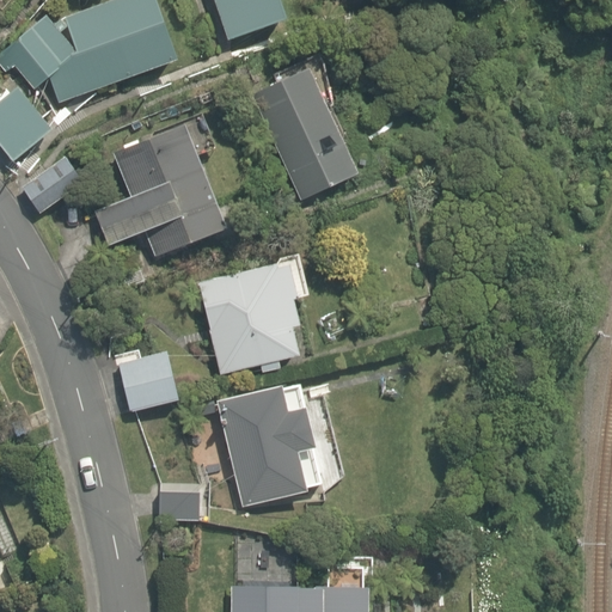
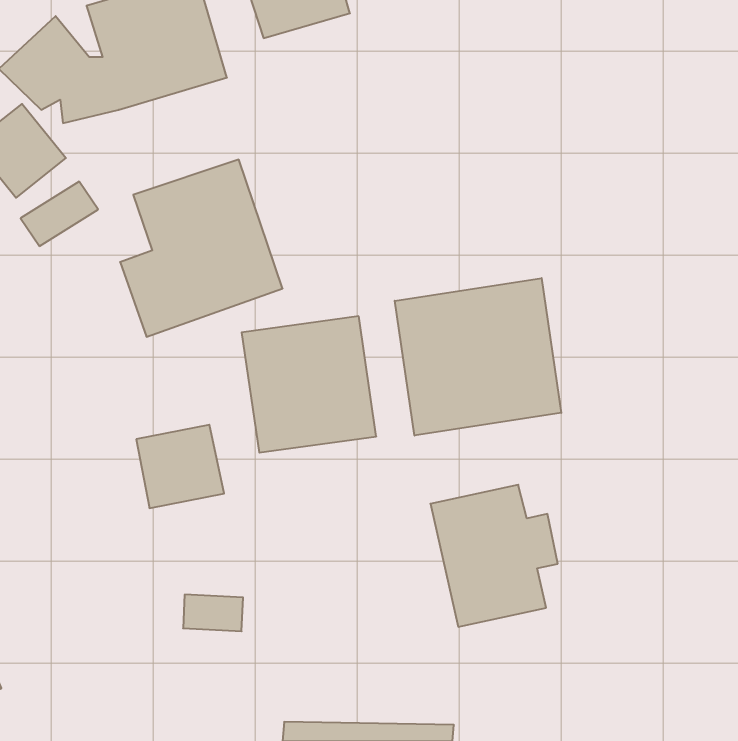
building: [255,73,359,206] -> none
building: none -> [395,278,561,436]
building: [216,384,320,500] -> [430,485,558,627]

